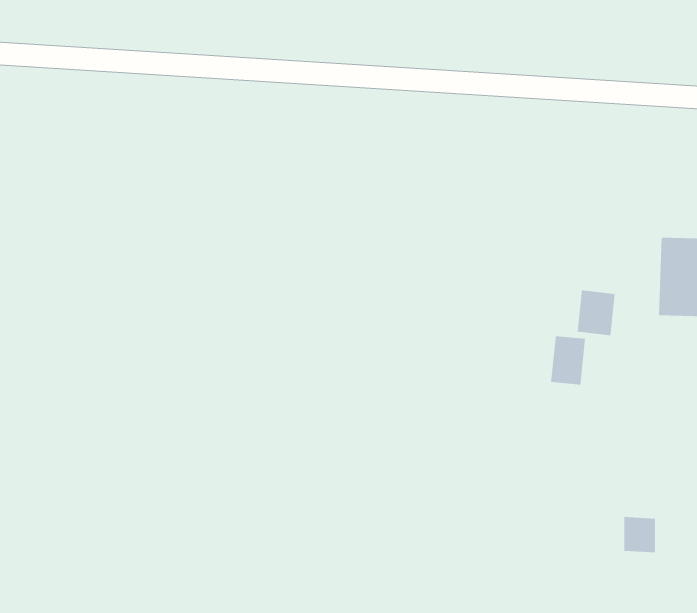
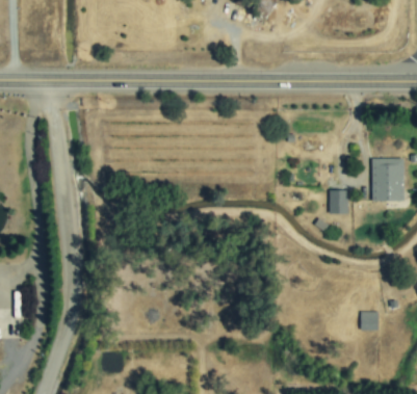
building: [550,335,586,385] -> none

